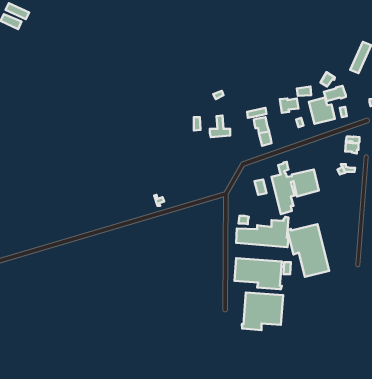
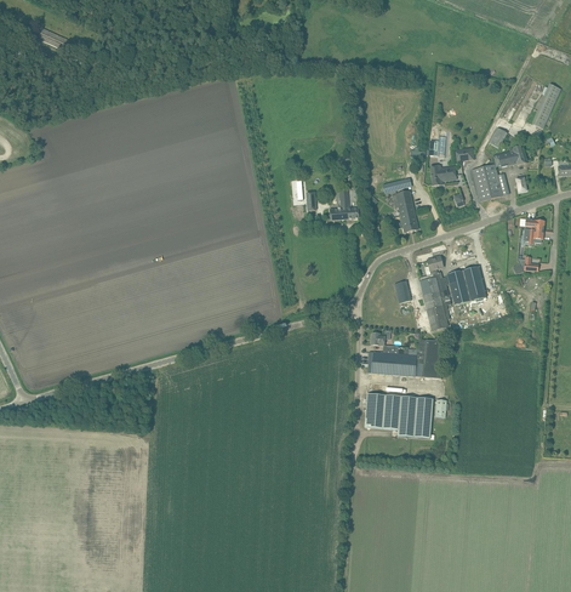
building: [287,224,329,277] -> none
building: [242,292,283,330] -> none

